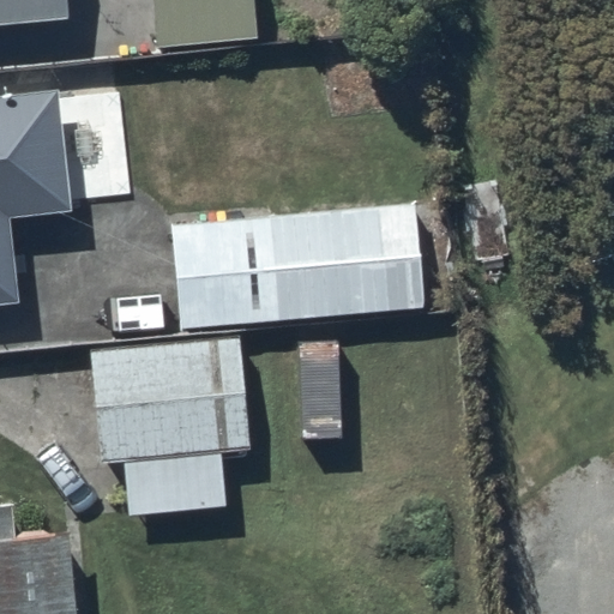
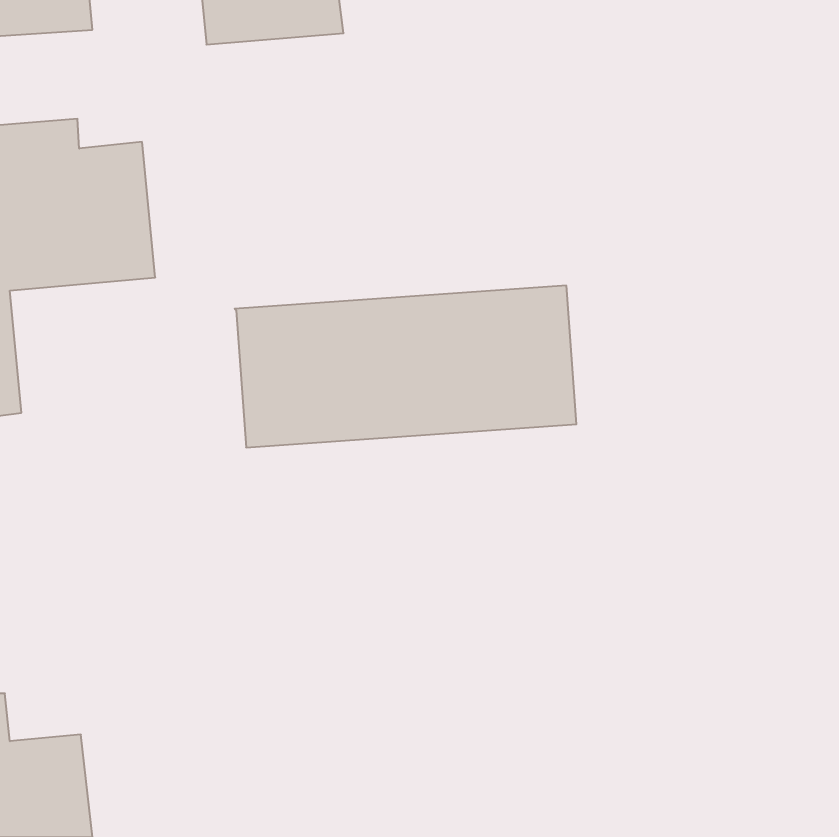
building: [94,339,252,522] -> none

